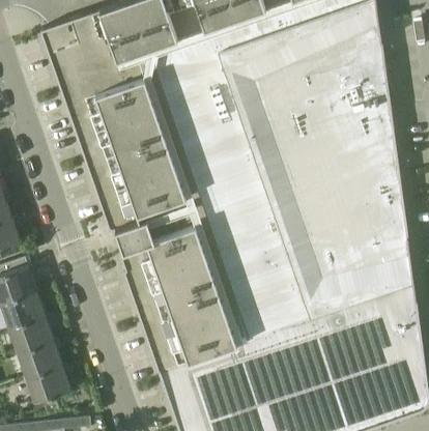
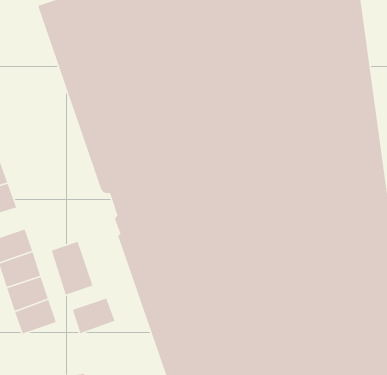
building: none -> [51,241,93,296]
building: [25,361,70,399] -> [72,298,116,334]

